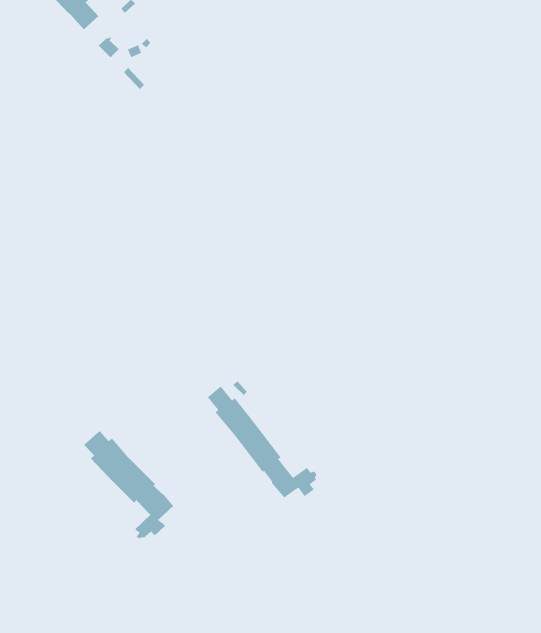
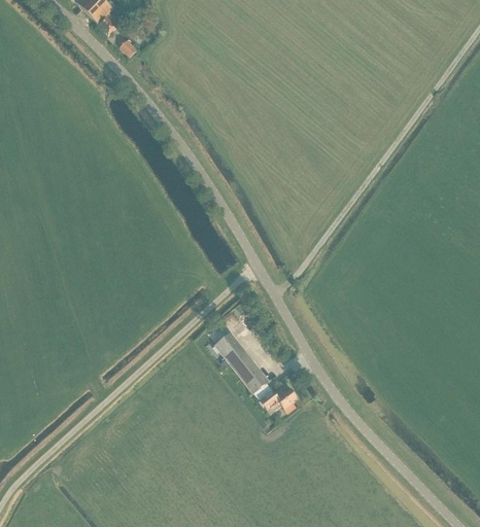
building: [83,430,174,539] -> none

